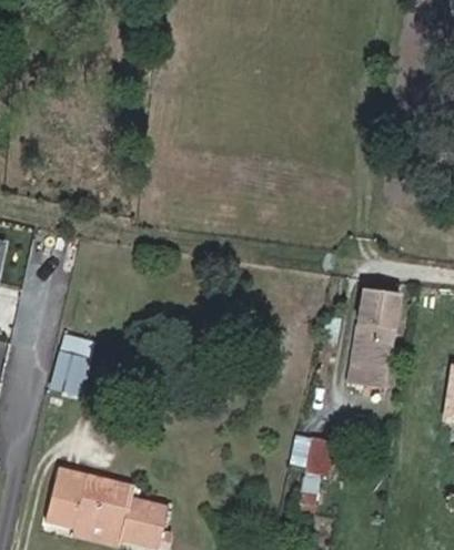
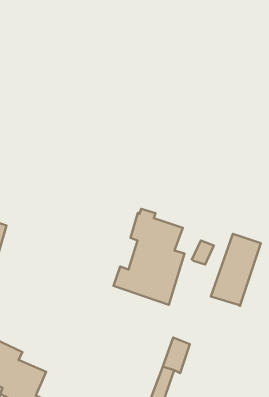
building: none -> [113,209,185,305]

